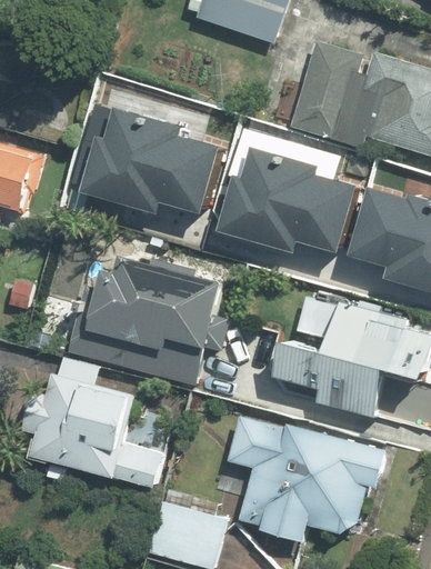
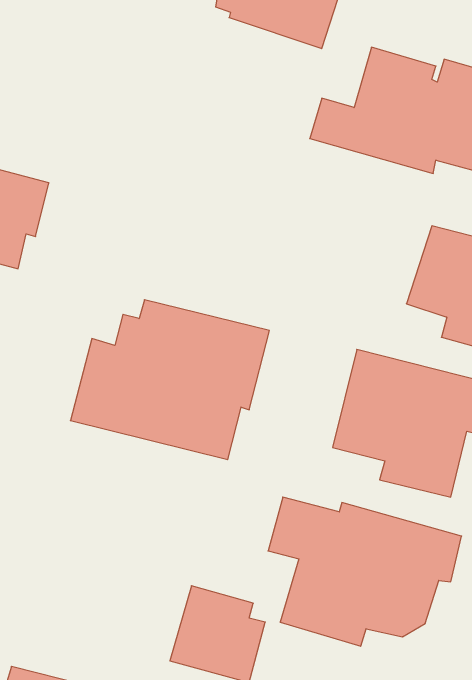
building: [76,117,218,228] -> none
building: [219,153,349,267] -> none
building: [22,359,167,488] -> none

